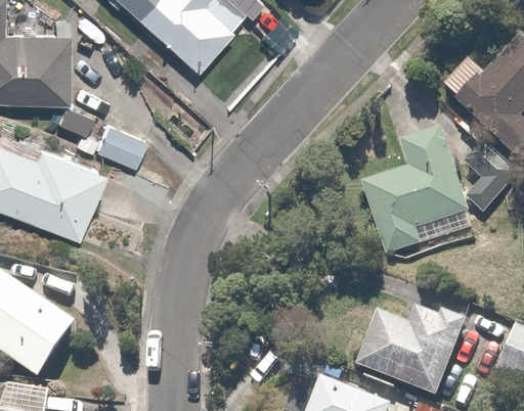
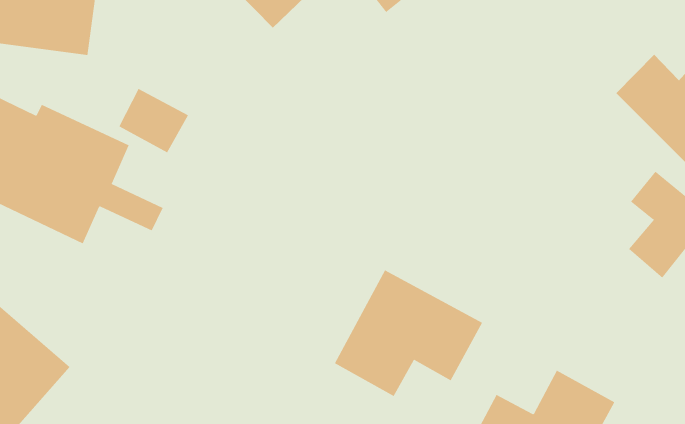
building: [365,139,467,241] -> none
building: none -> [334,269,483,397]

